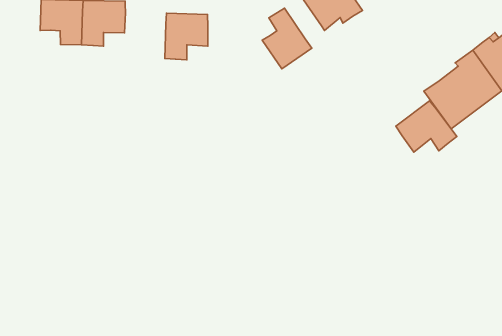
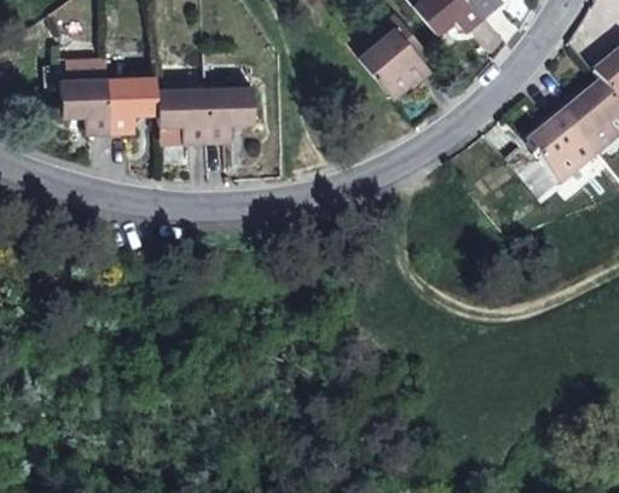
building: [262,8,312,69] -> none
building: none -> [160,89,208,143]
building: [396,101,457,152] -> none

